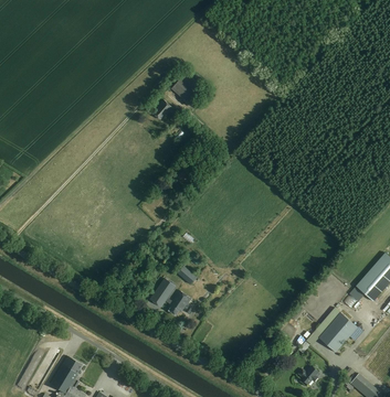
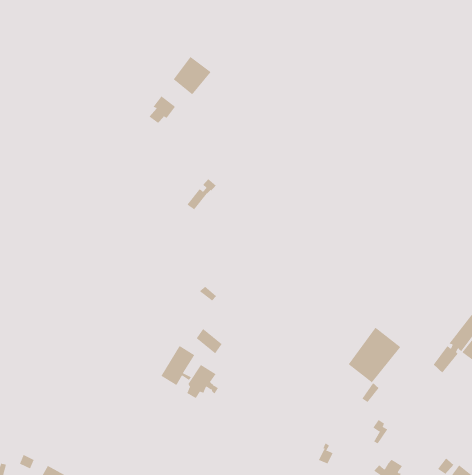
building: [318,312,357,352] -> [348,327,401,383]

